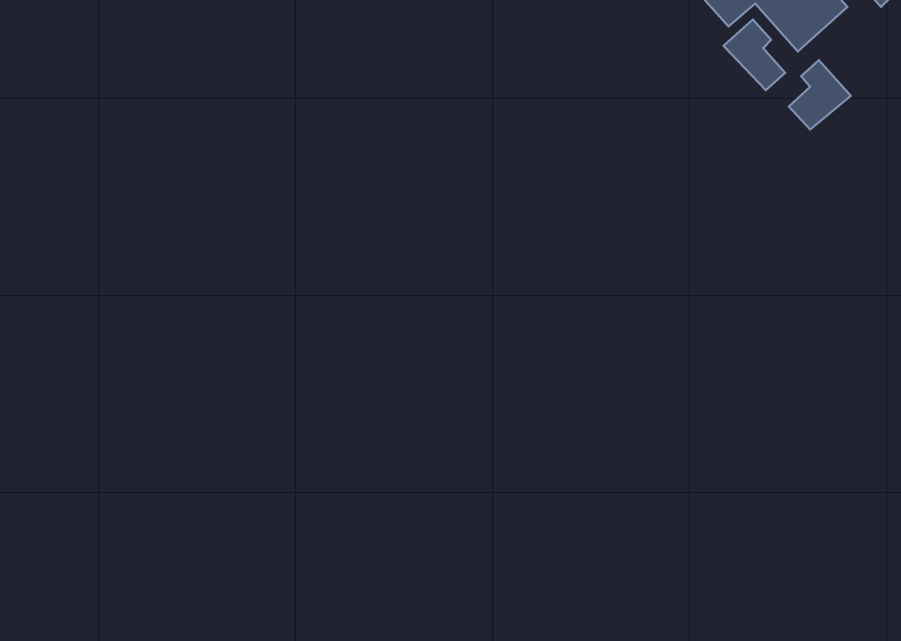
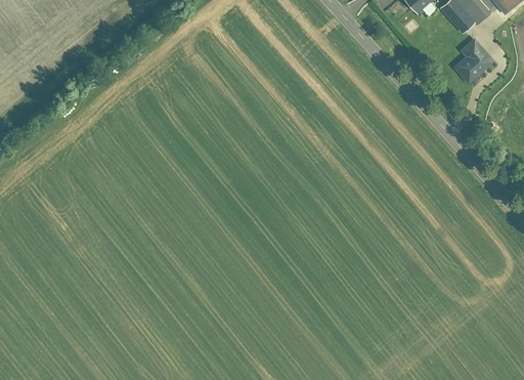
building: [723,19,785,90] -> none

